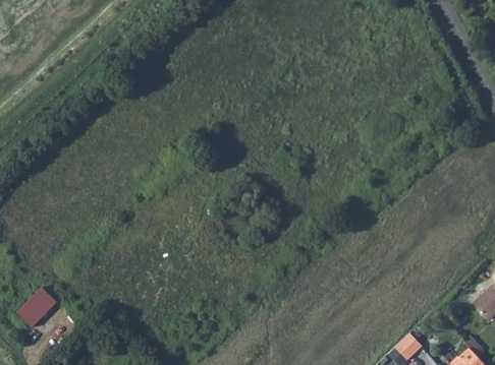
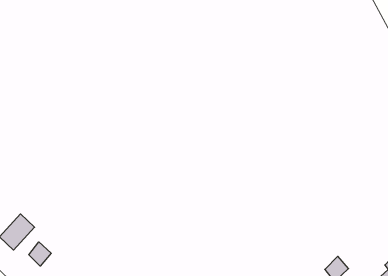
building: none -> [29,242,51,266]

